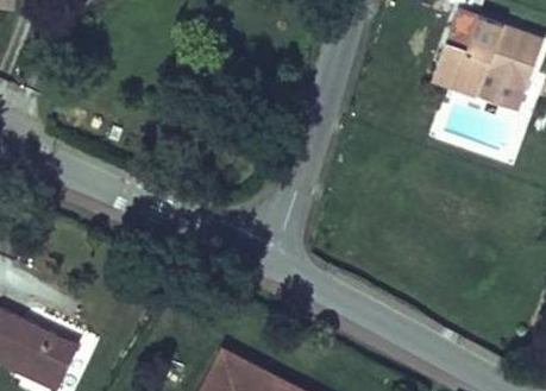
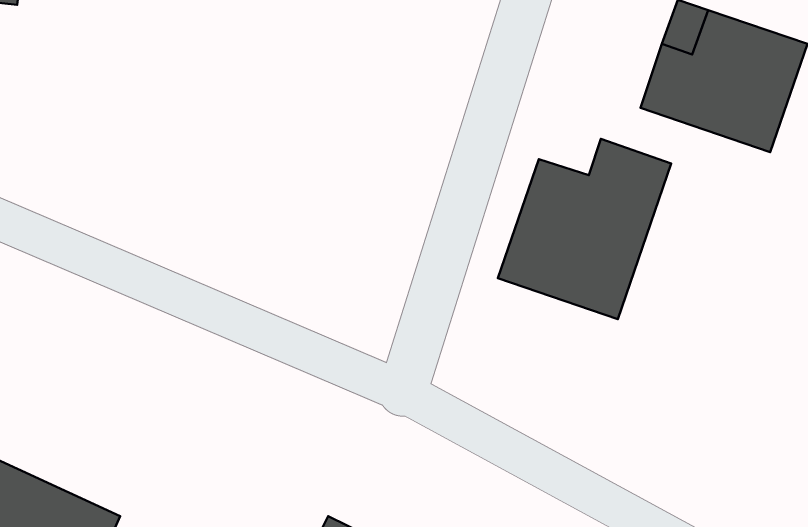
building: none -> [498,139,671,319]

